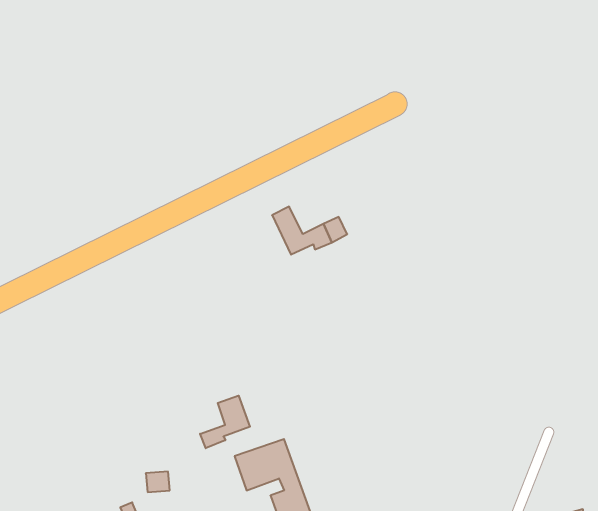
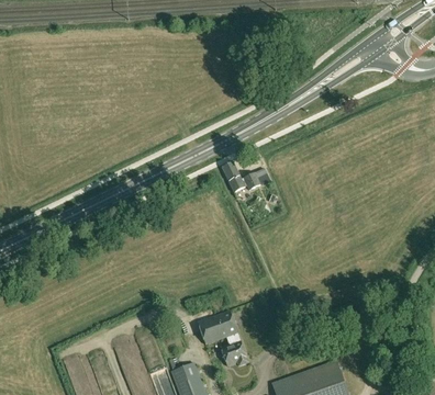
building: [200,396,250,448] -> none

